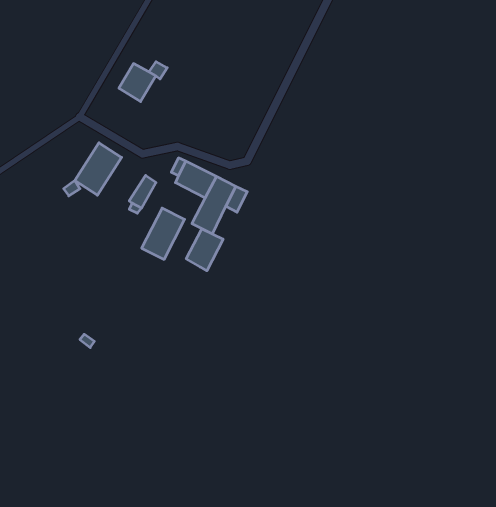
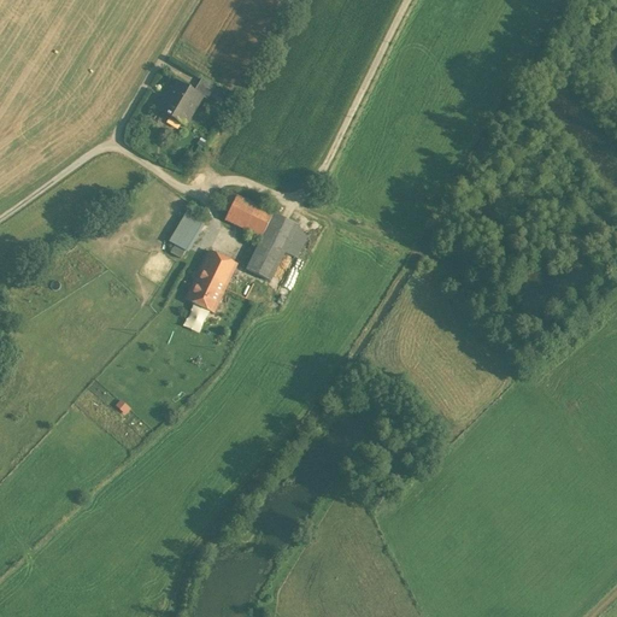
building: [75,143,122,195] -> none
building: [186,229,223,271] -> none

